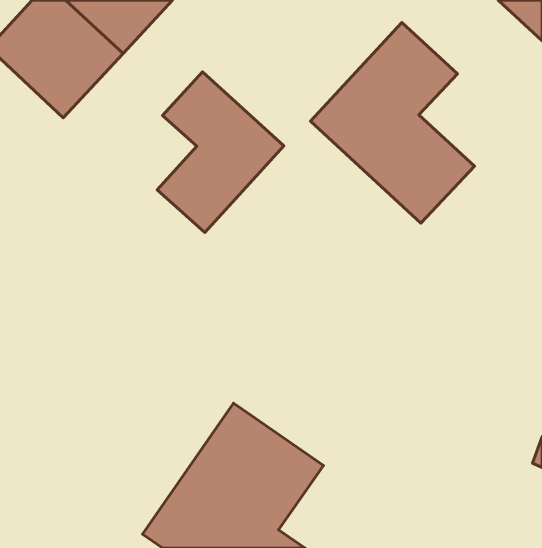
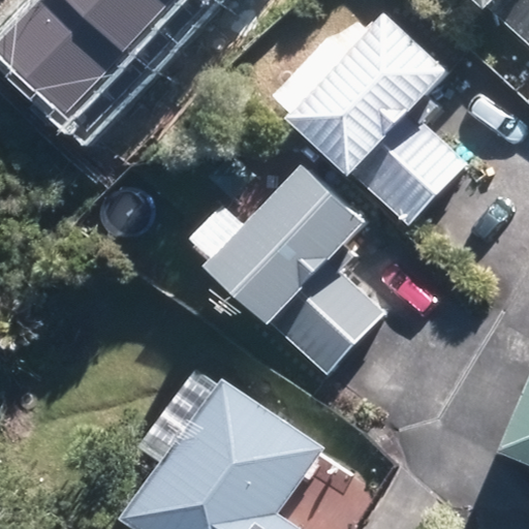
building: [157,72,284,232] -> none
building: none -> [217,173,376,366]

